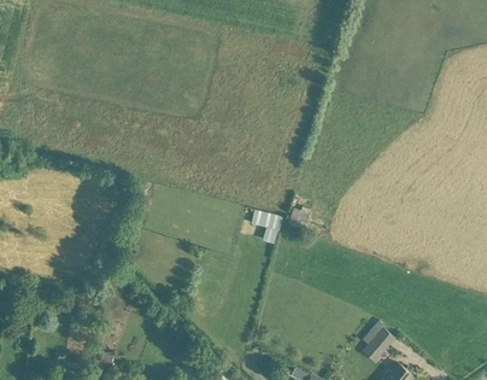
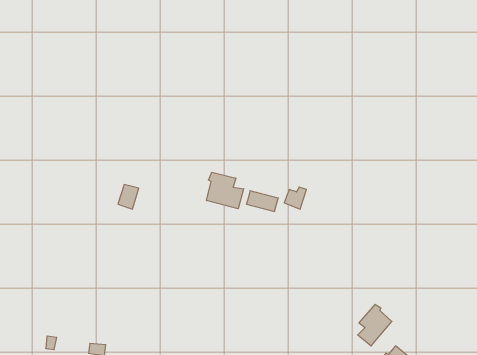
building: none -> [207,172,244,209]

